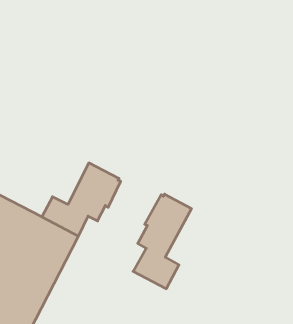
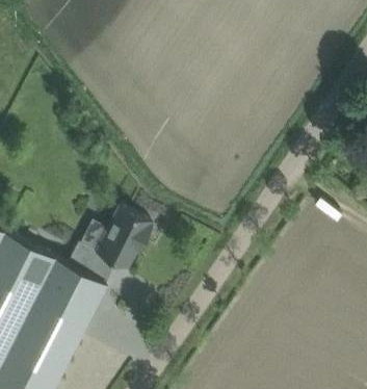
building: [133,194,191,289] -> none

